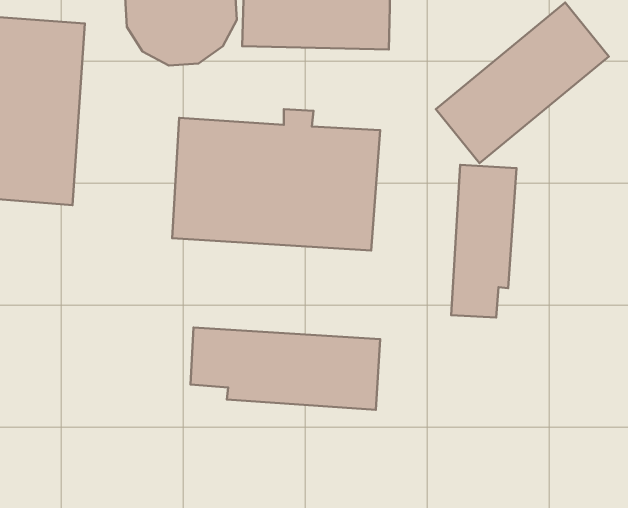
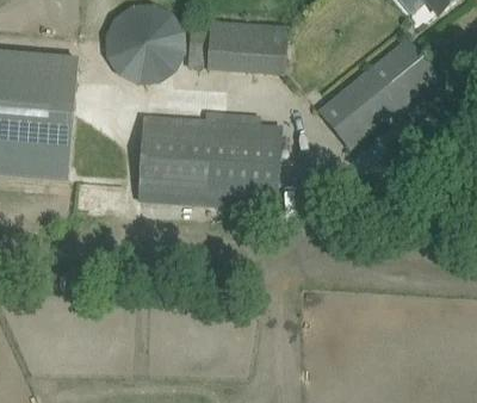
building: [451,165,516,318] -> none
building: [190,328,380,410] -> none

